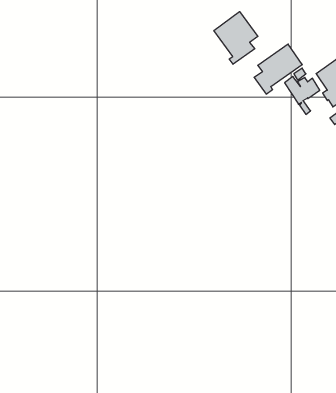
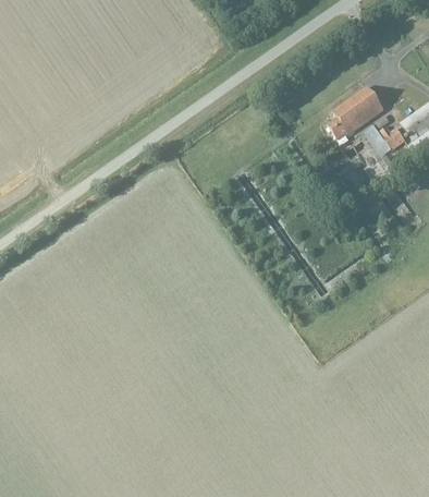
building: [214,12,258,64] -> none

